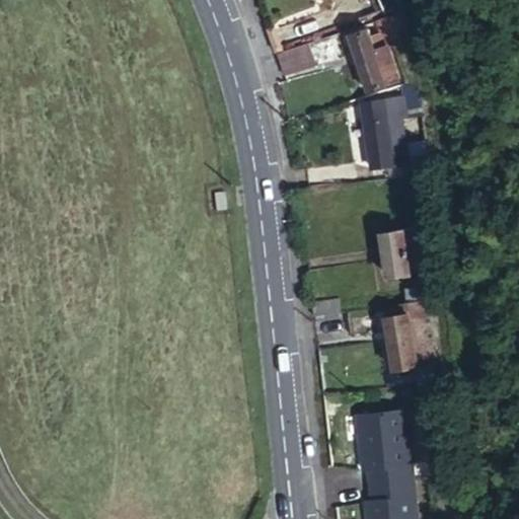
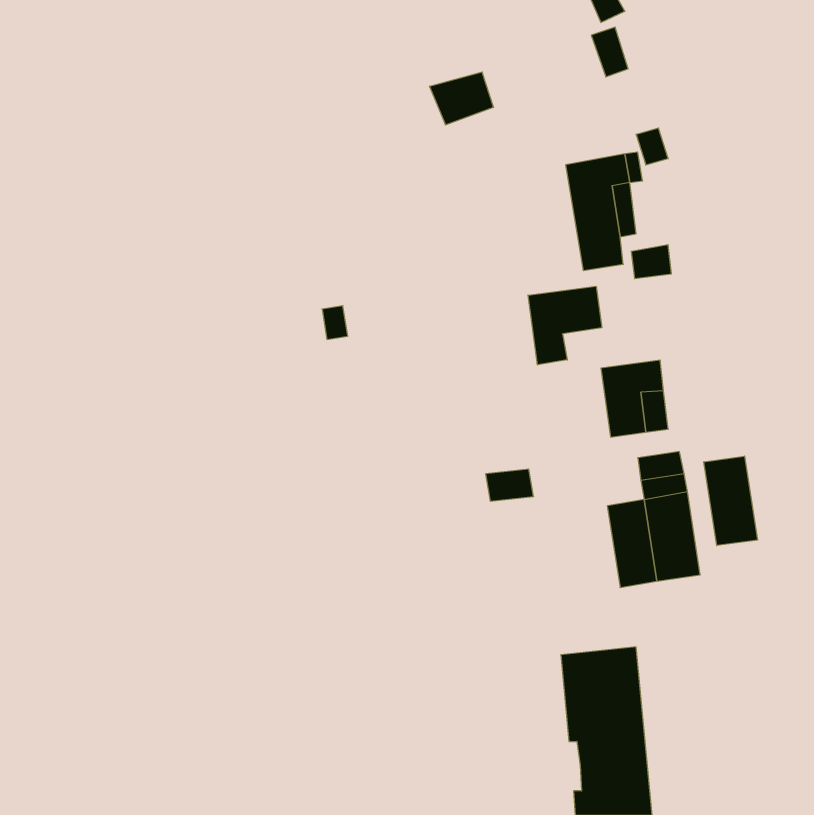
building: [346,30,398,92] -> none
building: none -> [528,286,602,365]
building: none -> [704,456,757,546]

